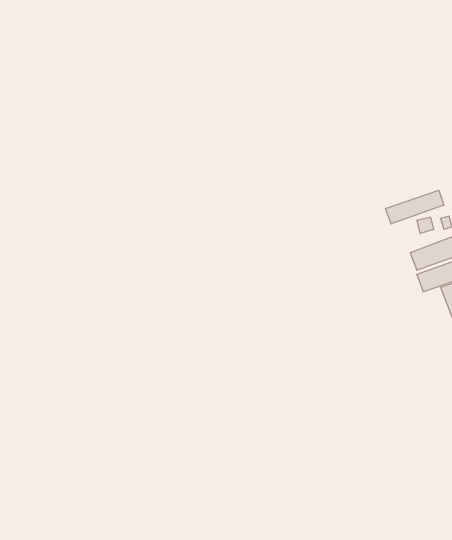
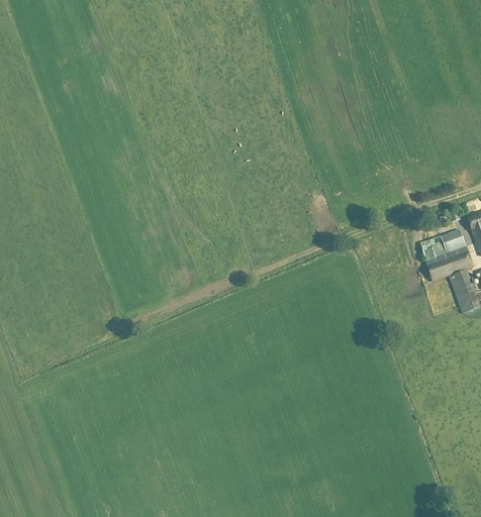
building: [386,190,444,224] -> none

